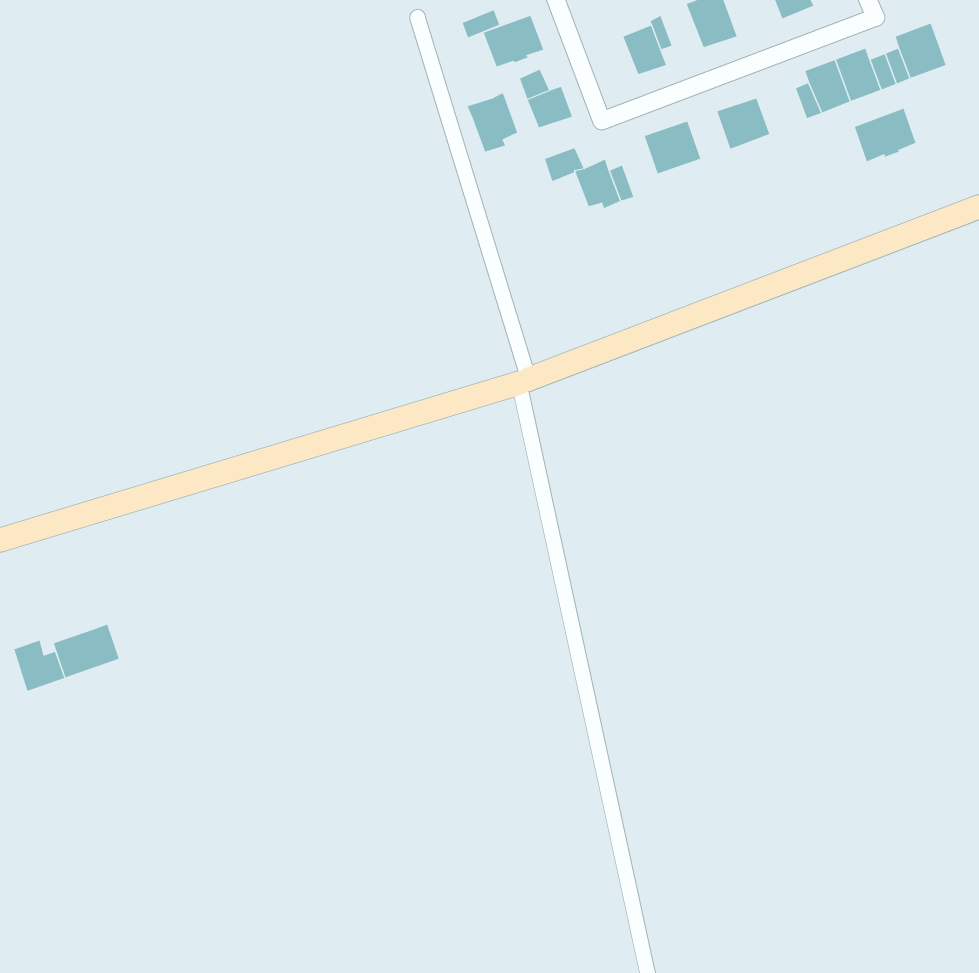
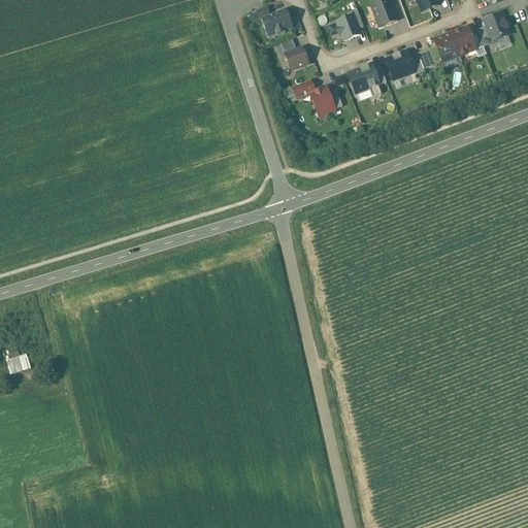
building: [467,92,518,152] -> none
building: [854,108,916,162] -> none
building: [53,624,119,678] -> none

